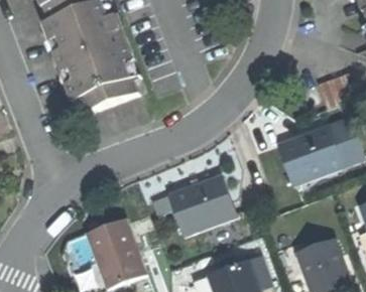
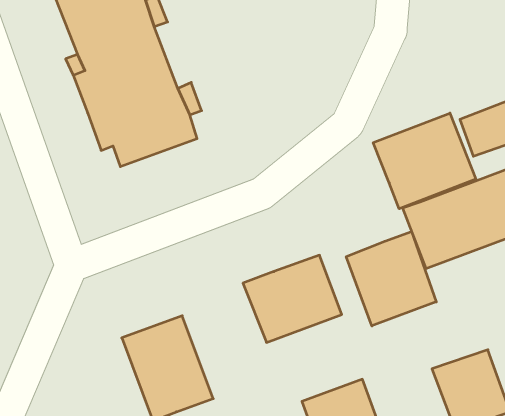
building: none -> [373,113,476,209]
building: none -> [346,232,436,326]

